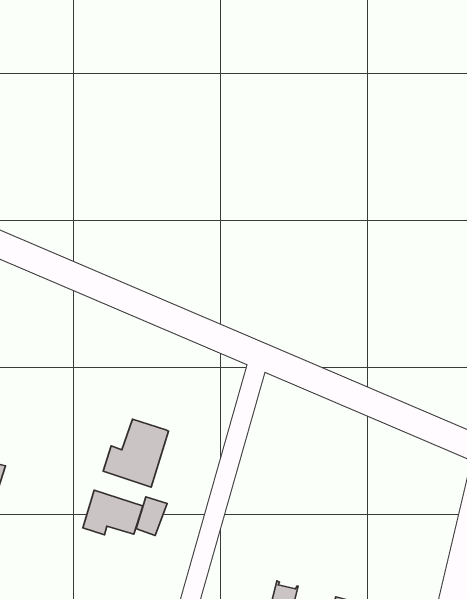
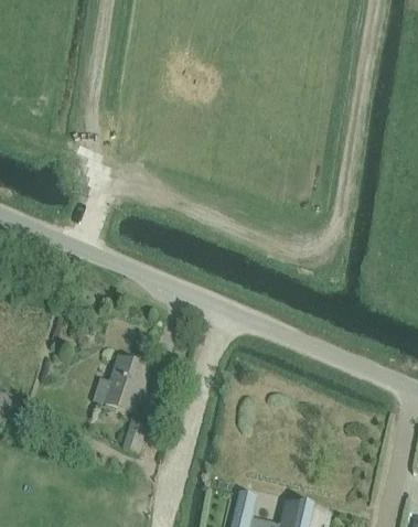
building: [83,490,143,535] -> none

